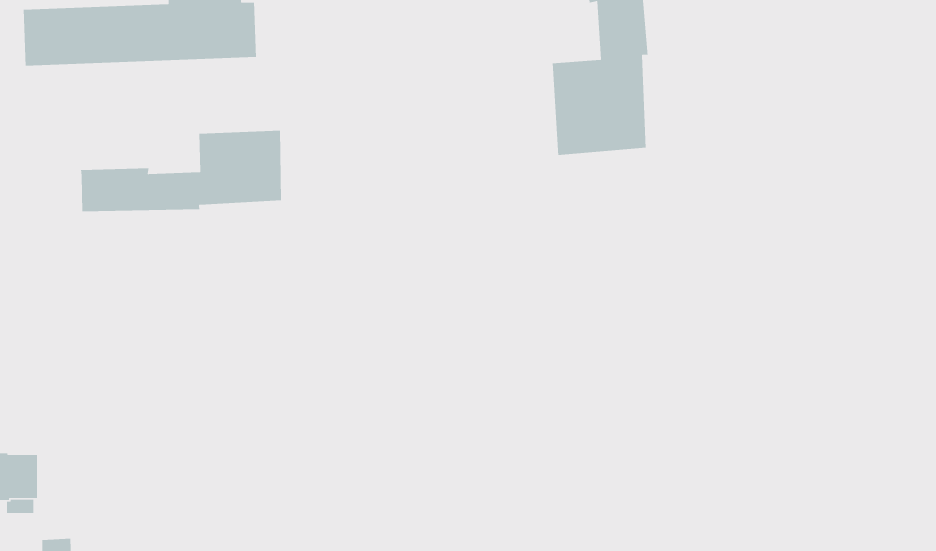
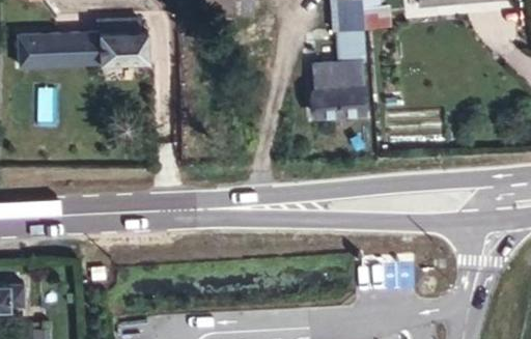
building: [80,130,282,212] -> none

